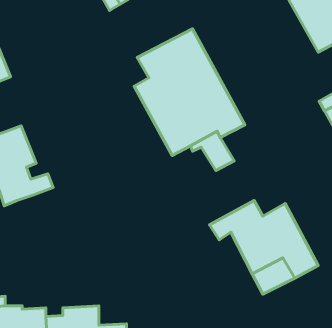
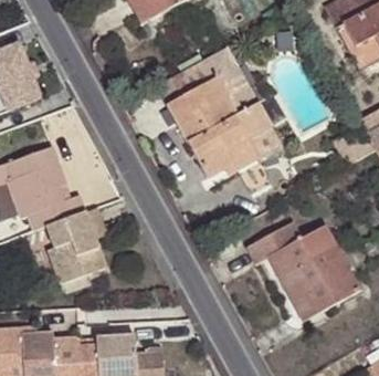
building: none -> [46,206,105,282]

